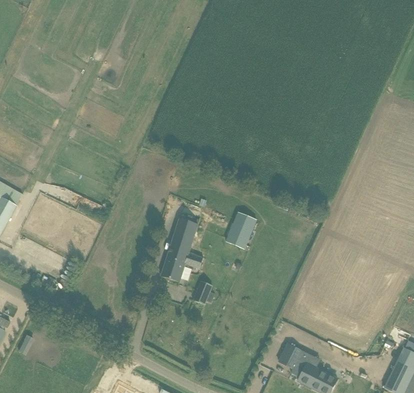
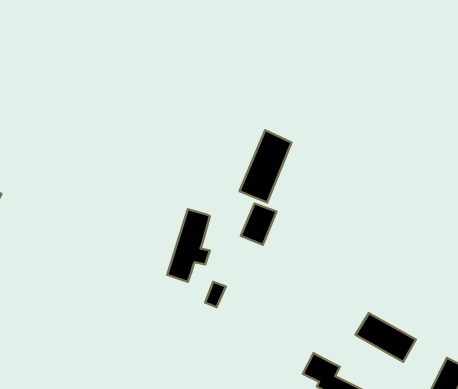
building: none -> [240,130,292,202]
building: none -> [356,313,416,362]

